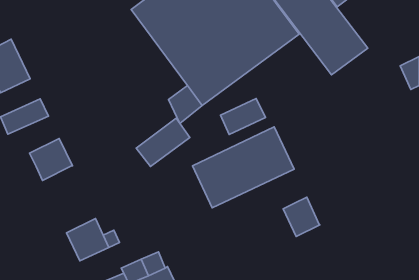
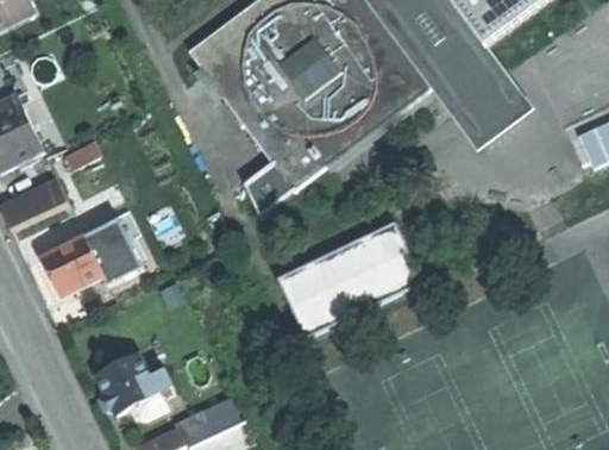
building: [221,99,265,135] -> none
building: [136,118,190,167] -> none
building: none -> [86,218,144,286]
building: [283,197,320,236] -> none

